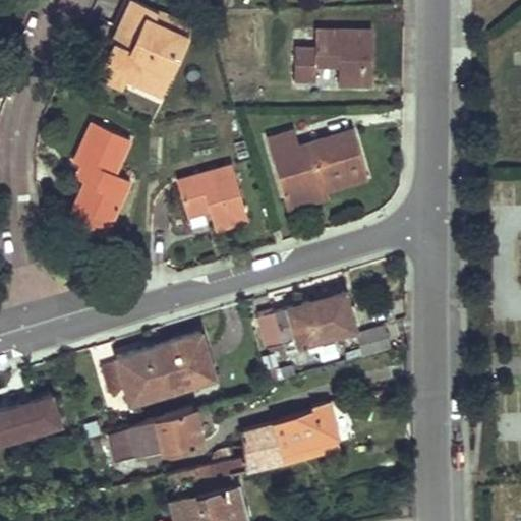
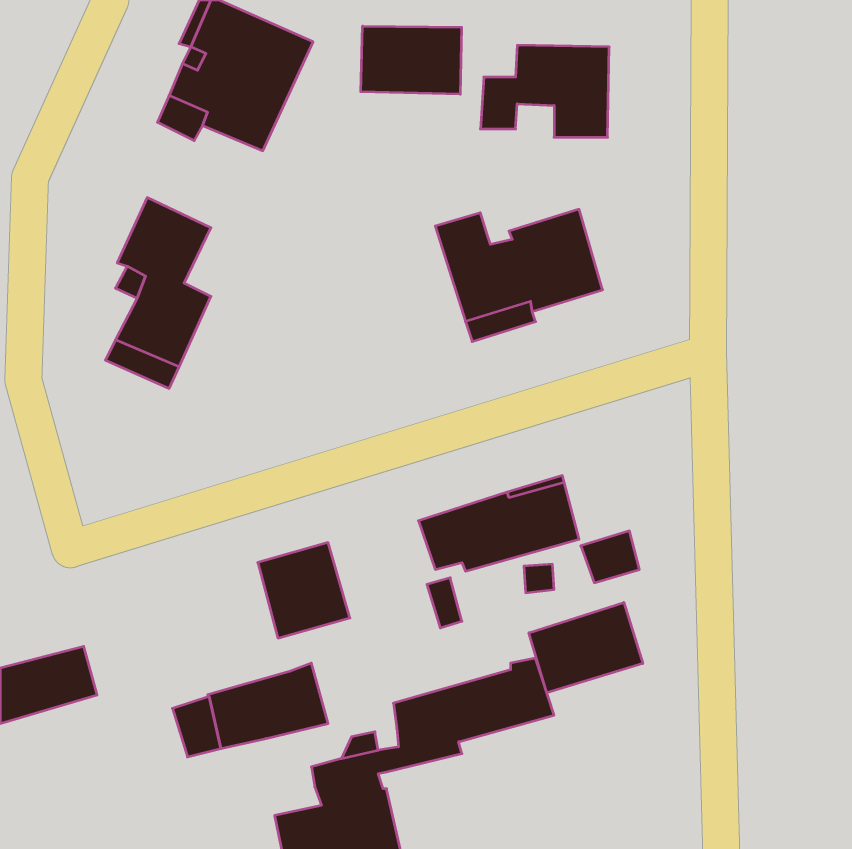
building: none -> [361,26,462,94]
building: [178,168,249,233] -> none
building: [101,346,171,404] -> none
building: none -> [529,602,643,693]

